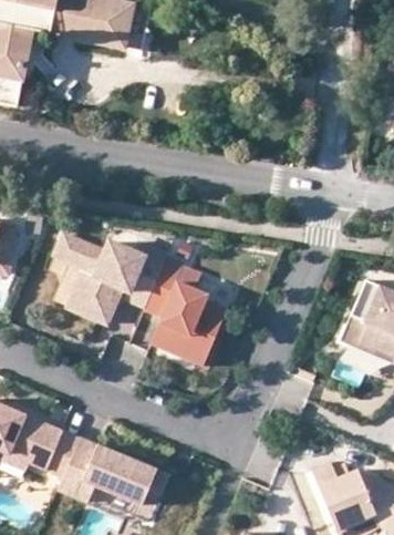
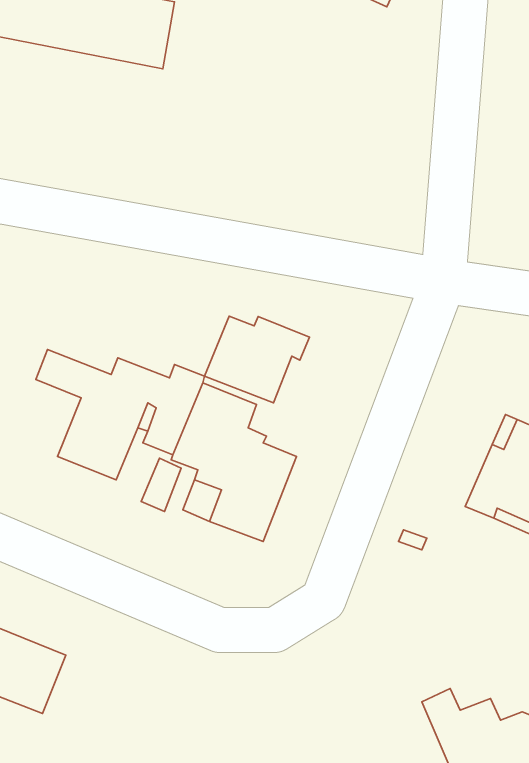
building: none -> [205,316,309,403]
building: [55,439,166,504] -> none

